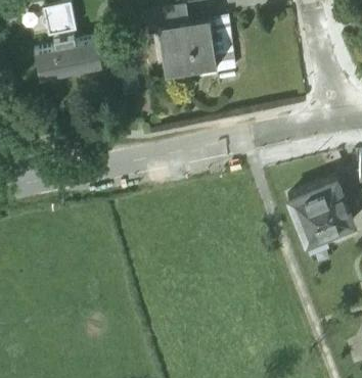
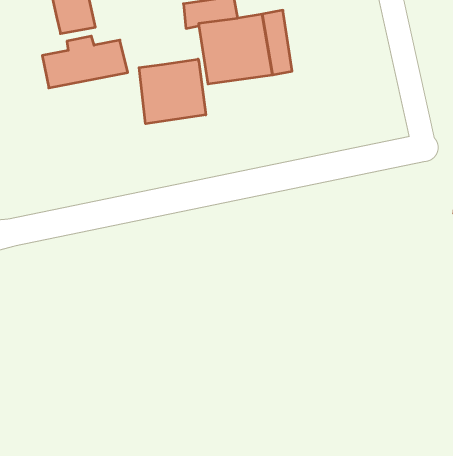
building: none -> [139,59,206,124]
building: [288,179,354,249] -> none

